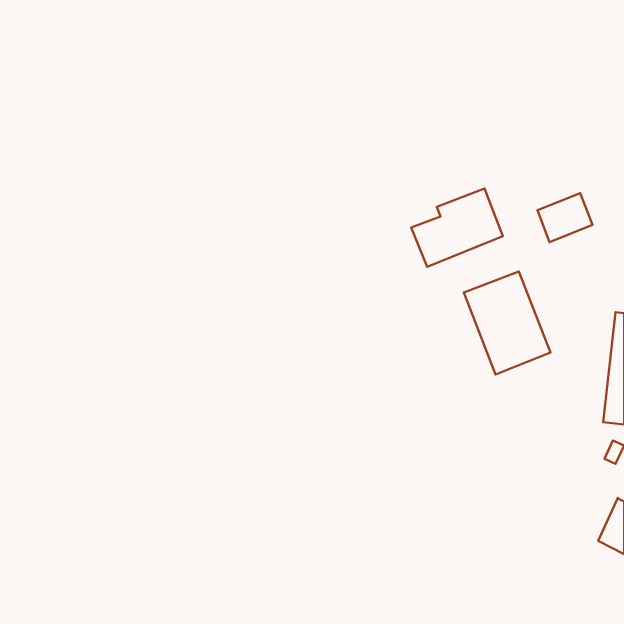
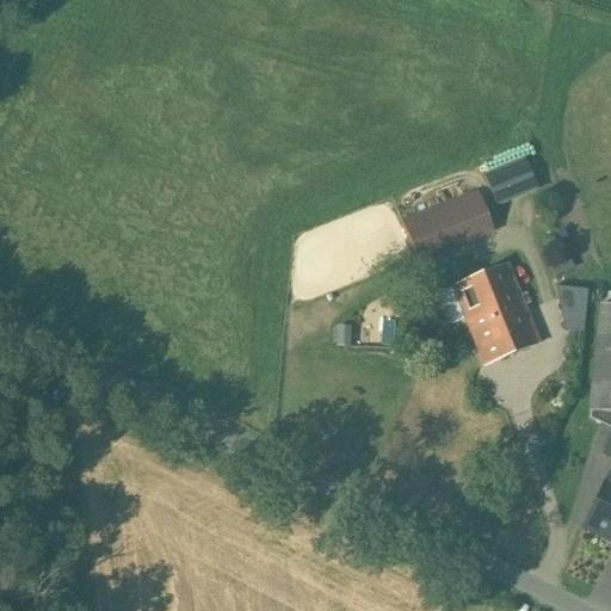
building: [537,193,592,242] -> [487,155,541,203]
building: none -> [562,285,590,329]

